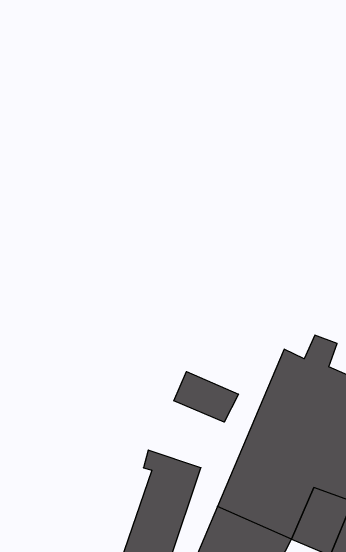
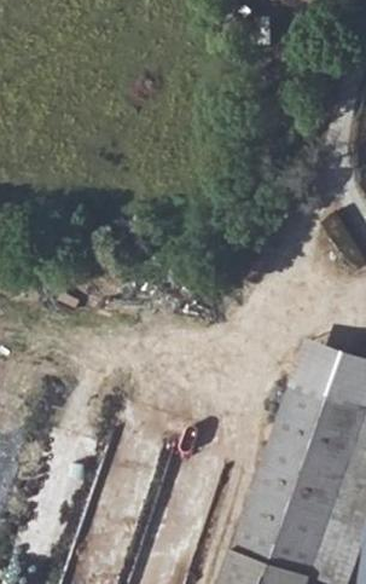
building: [174,372,238,422] -> none

